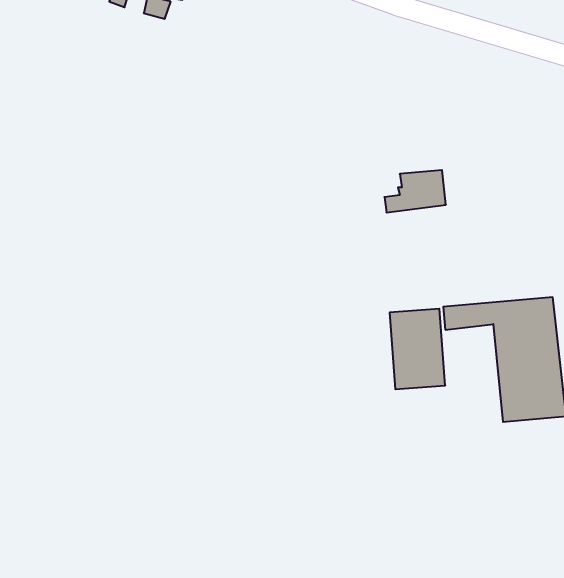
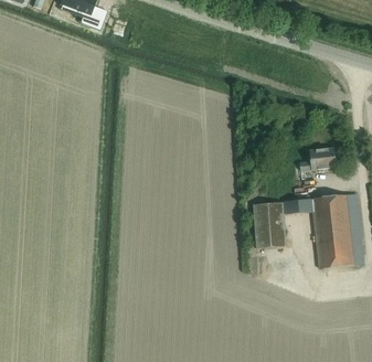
building: [384,170,446,212] -> [301,147,337,171]

